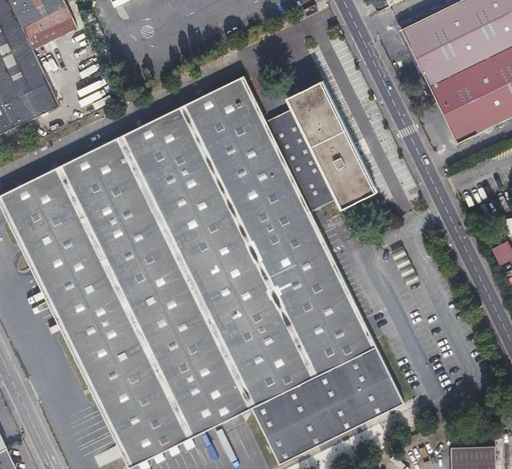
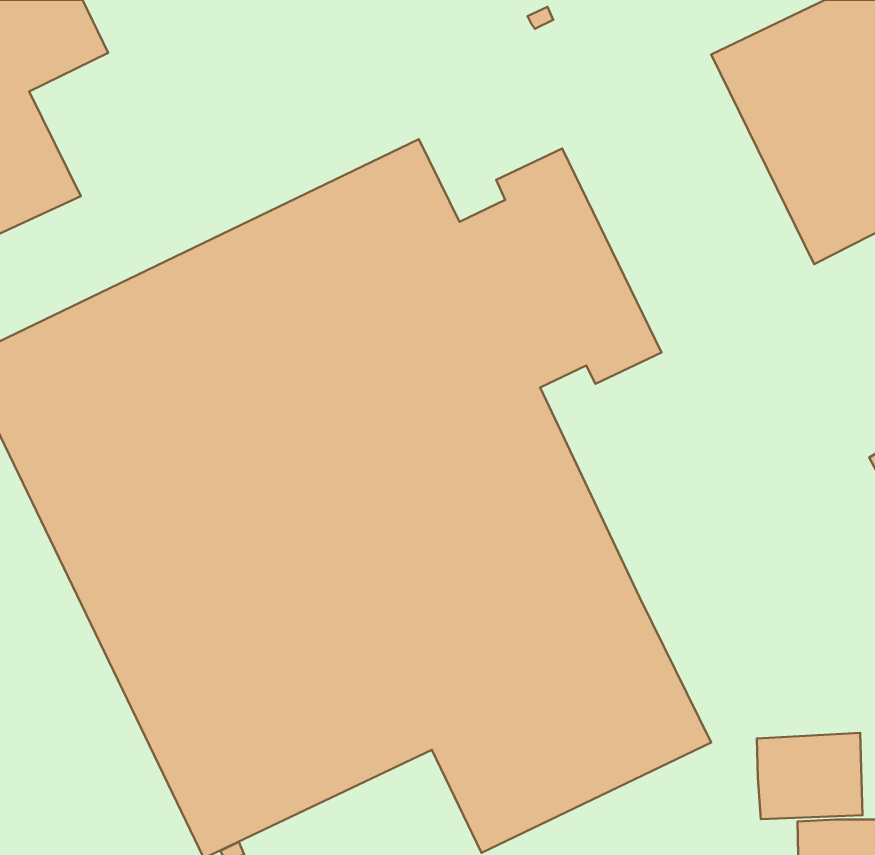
building: none -> [757,733,863,819]

